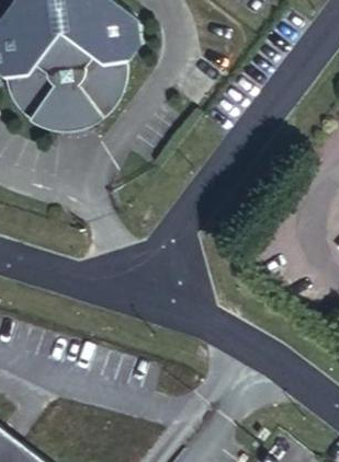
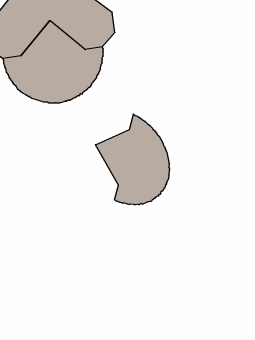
building: none -> [95,114,169,205]

